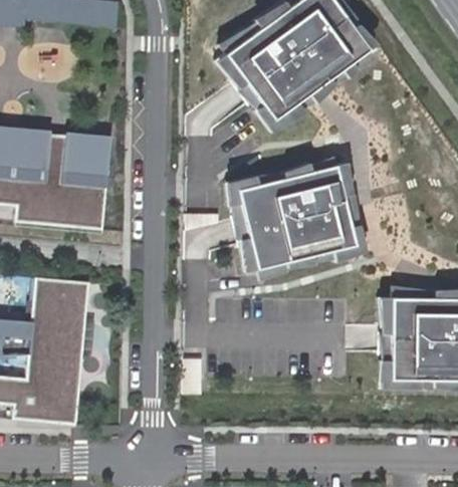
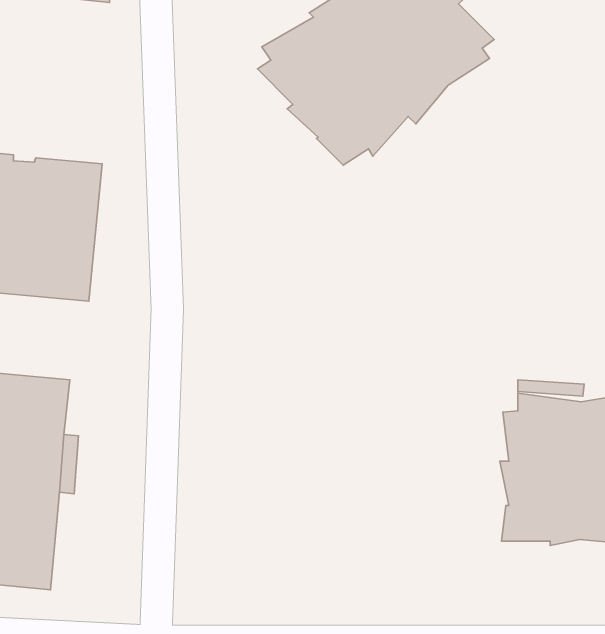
building: [230,161,362,287] -> none

